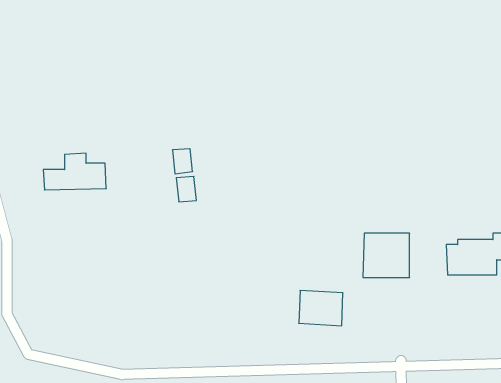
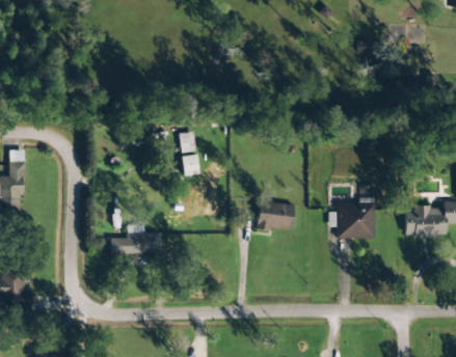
building: [43,153,106,190] -> [109,224,161,254]
building: [299,290,343,326] -> [257,201,293,230]

